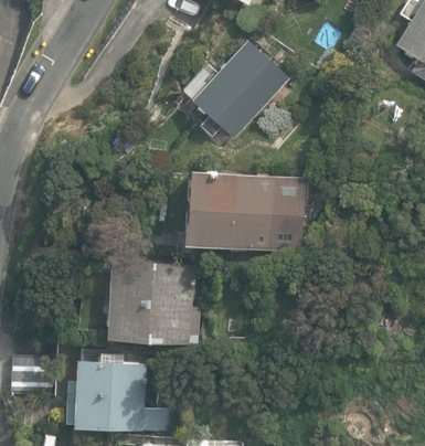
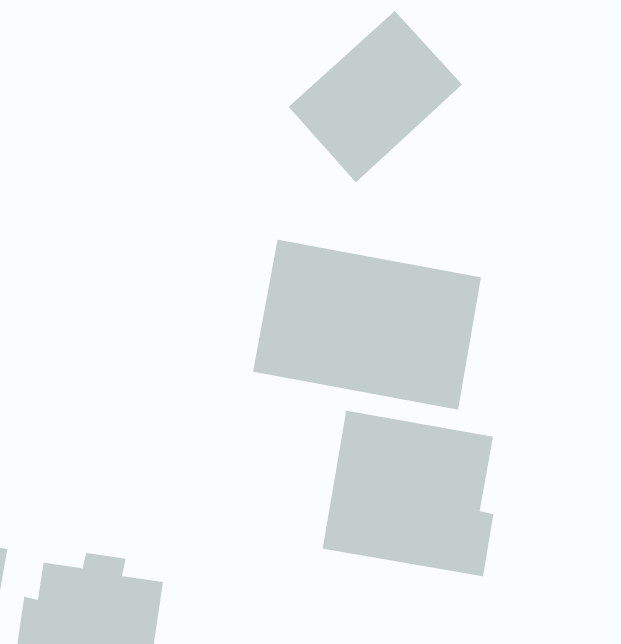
building: [108,261,202,346] -> [322,410,494,577]

